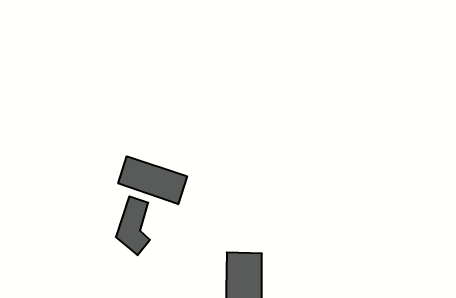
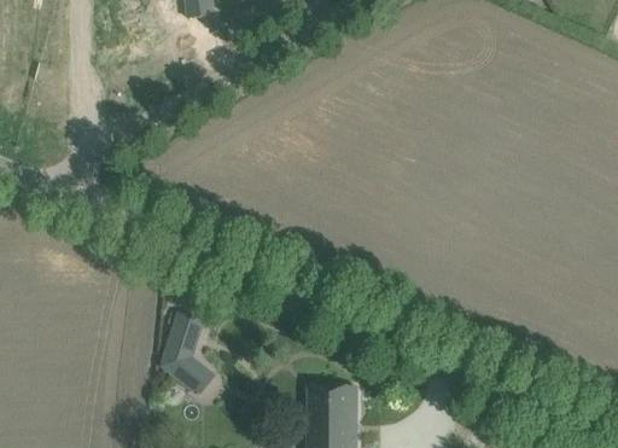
building: [118,156,187,204] -> none

